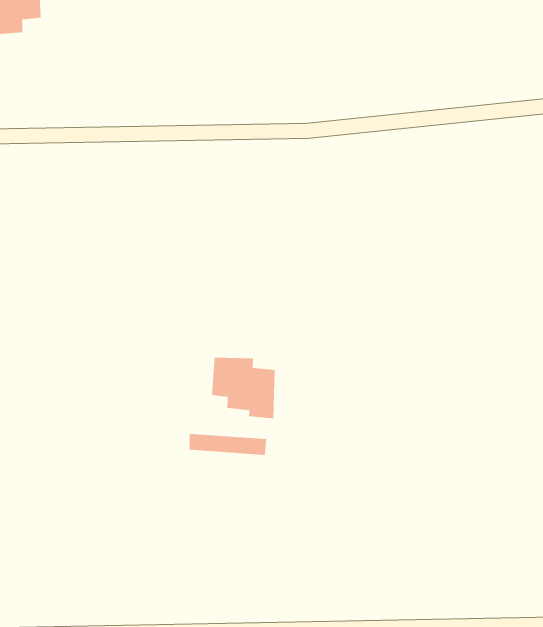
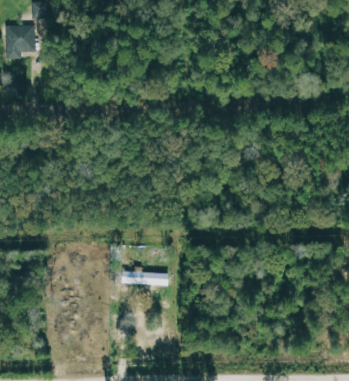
building: [211,357,275,419] -> none

